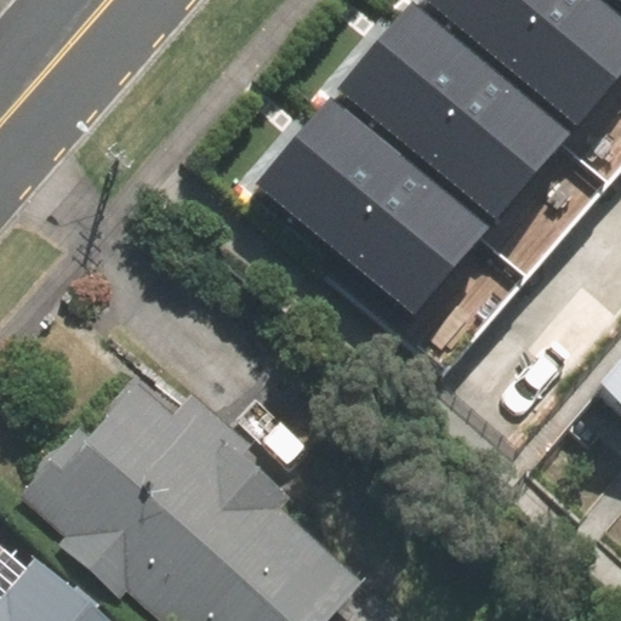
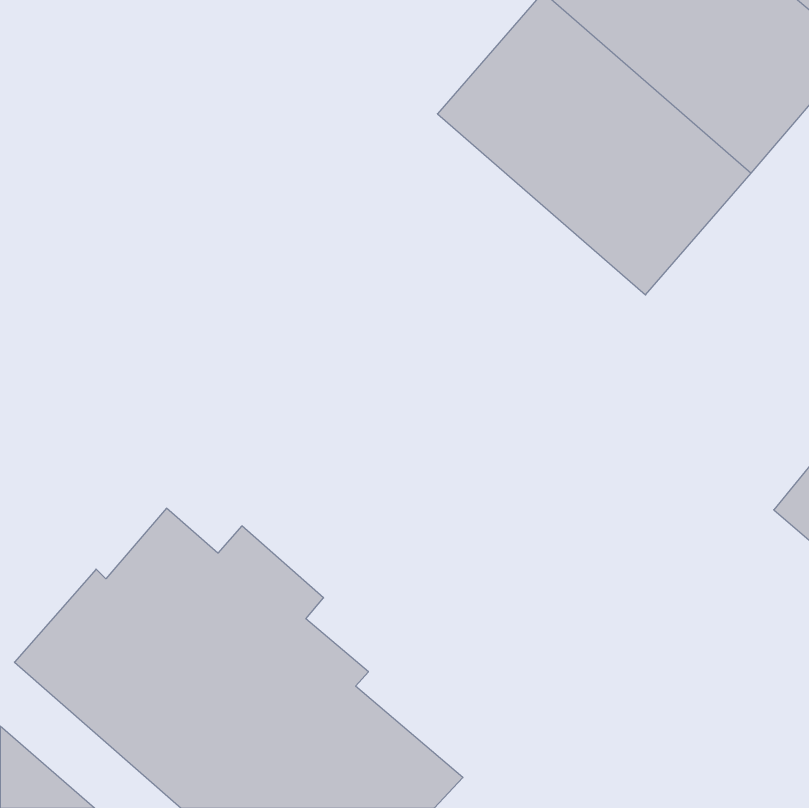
building: [257,86,496,315] -> none

